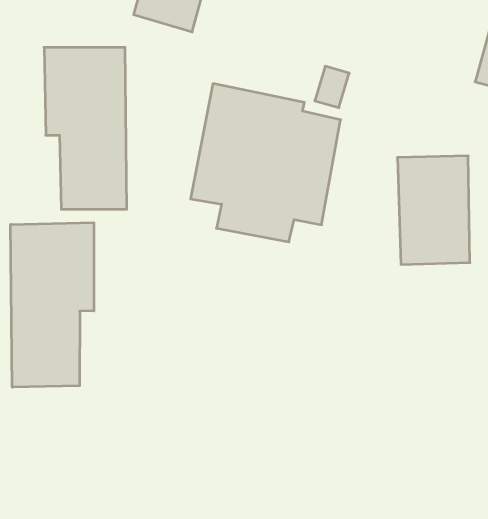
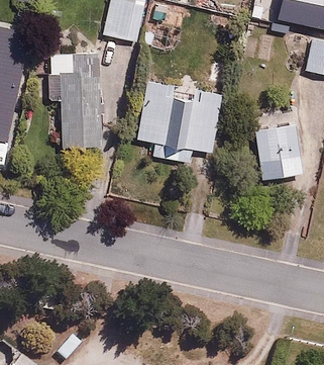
building: [11,223,94,387] -> none

